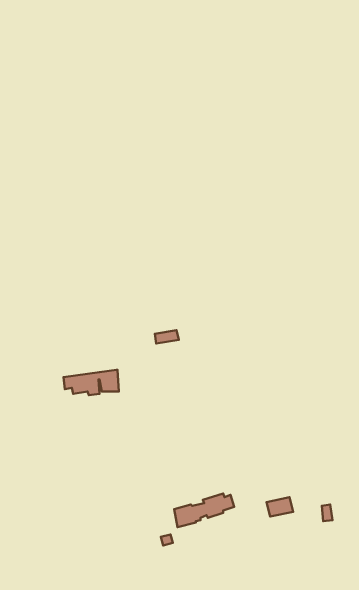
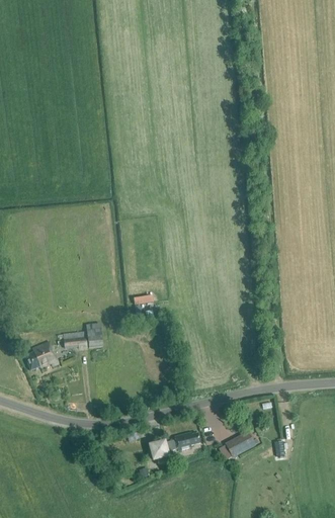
building: none -> [25,342,59,370]

